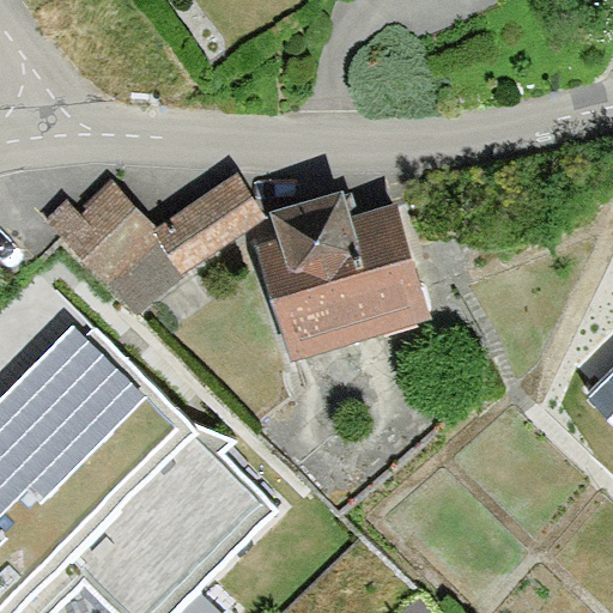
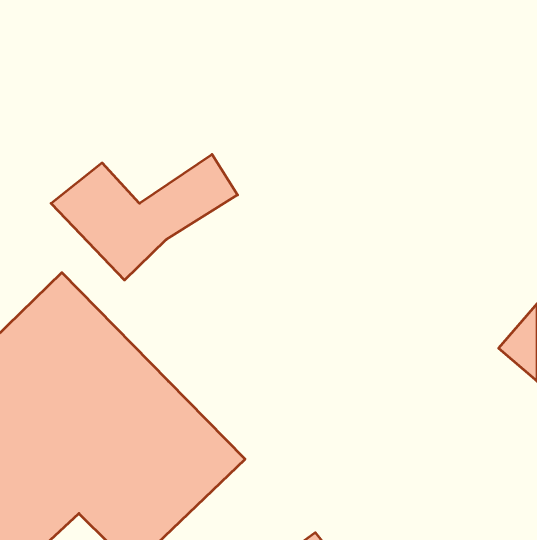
building: [257,192,430,358] -> none

